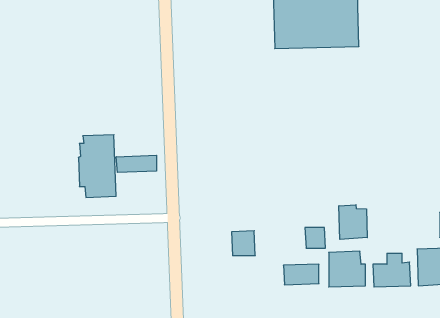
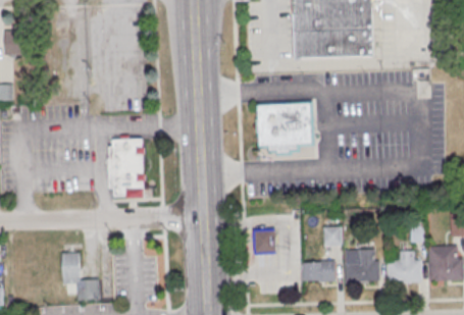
building: none -> [255,102,313,156]
building: [116,155,156,172] -> none
building: [339,205,367,239] -> none
building: none -> [62,252,99,301]

